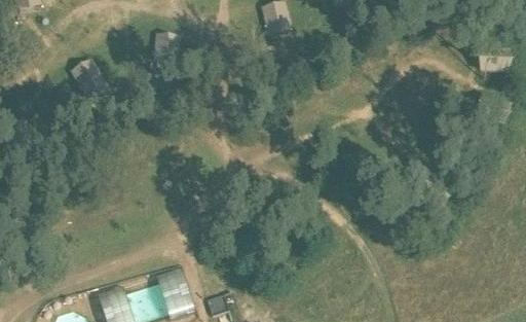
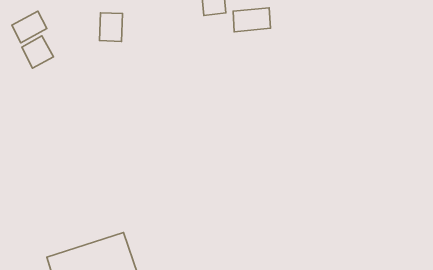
building: none -> [233,8,270,32]
building: none -> [12,11,47,43]

